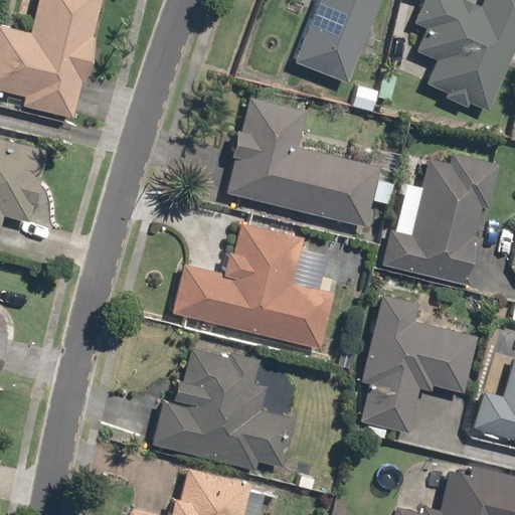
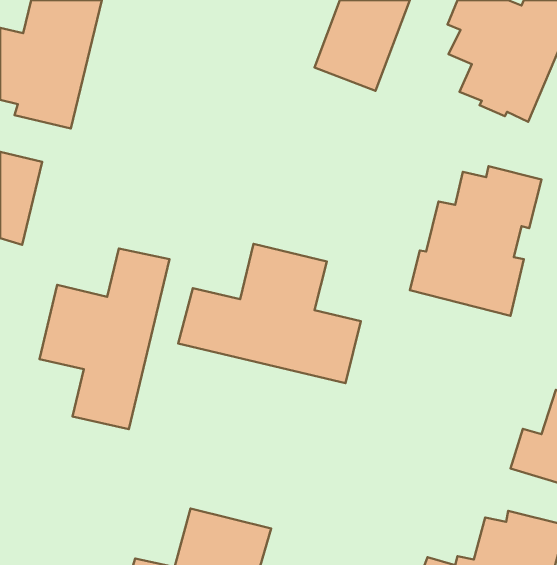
building: [224,96,381,228] -> none
building: none -> [40,248,169,429]
building: [357,296,477,434] -> none
building: [150,344,297,475] -> none

